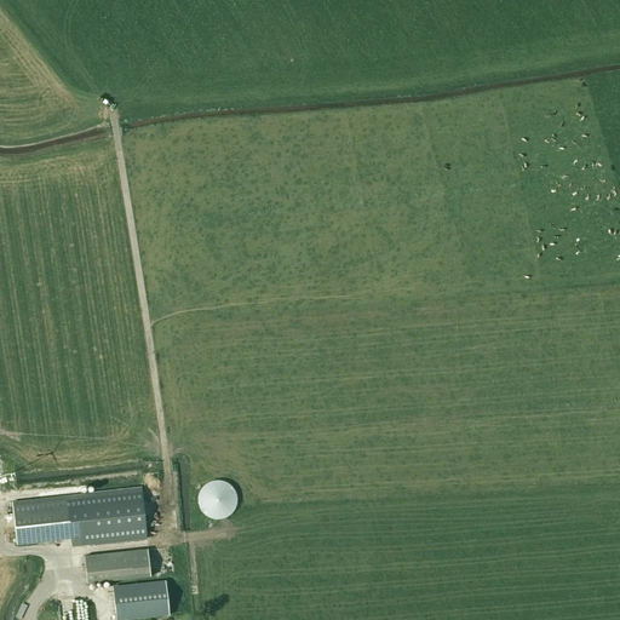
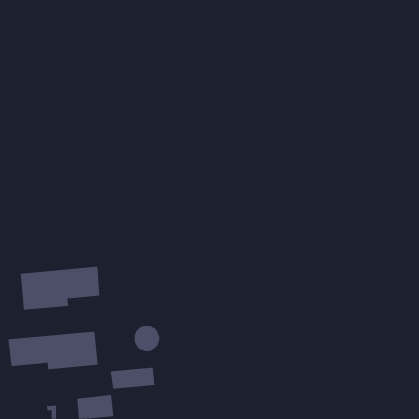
building: none -> [20,266,100,310]
building: [84,549,150,581] -> [110,367,155,389]

